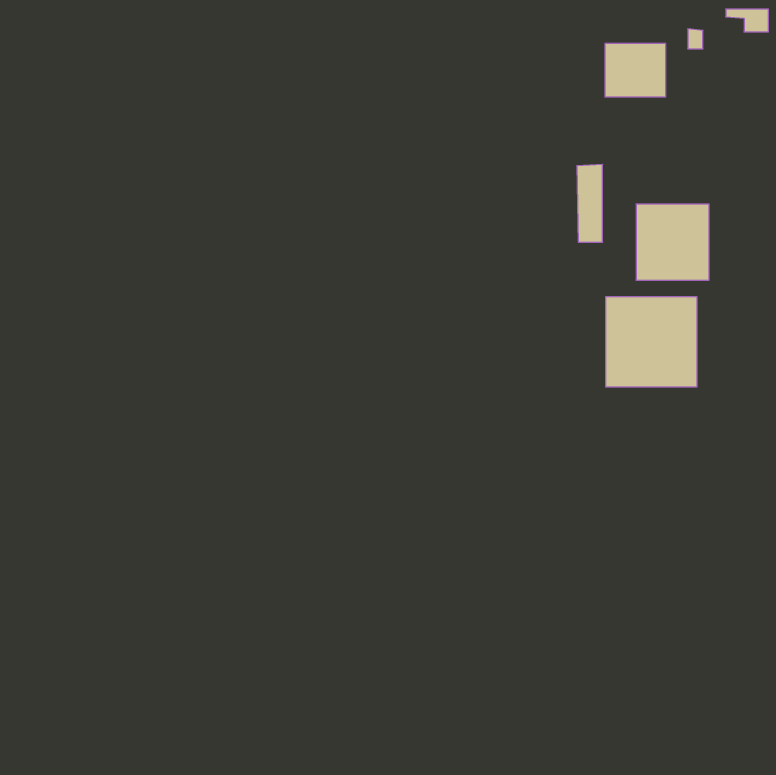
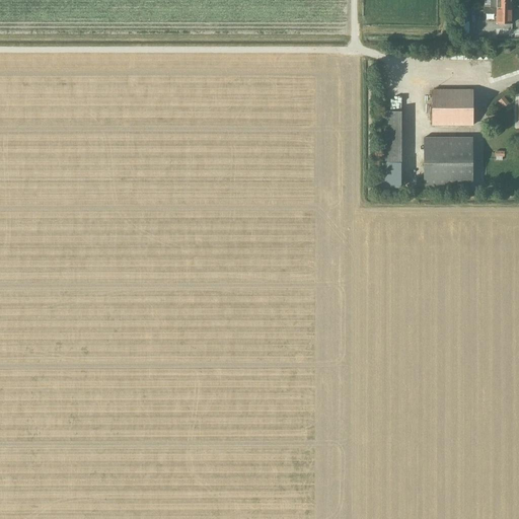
building: [605,44,666,97] -> [433,88,473,124]
building: [606,297,697,387] -> none

